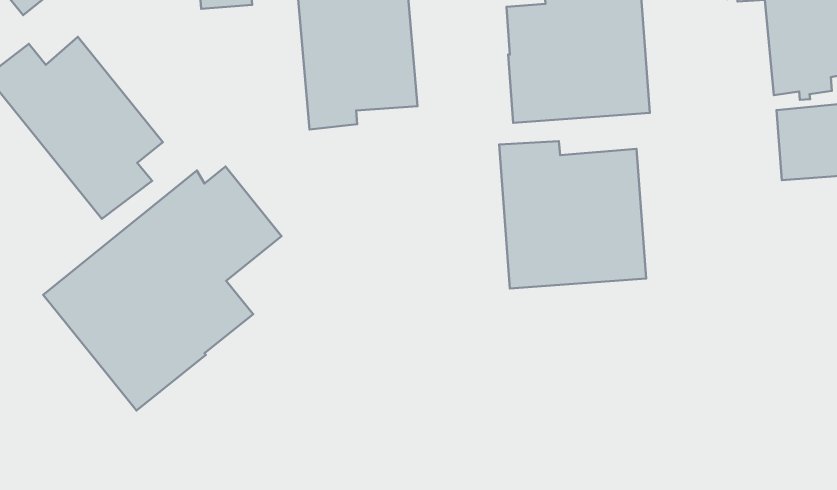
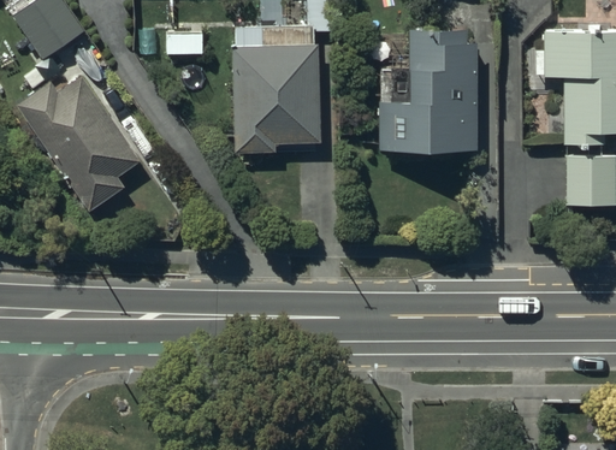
building: [499,141,646,289] -> none
building: [43,167,281,411] -> none

